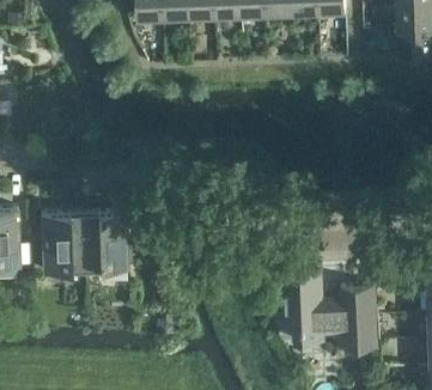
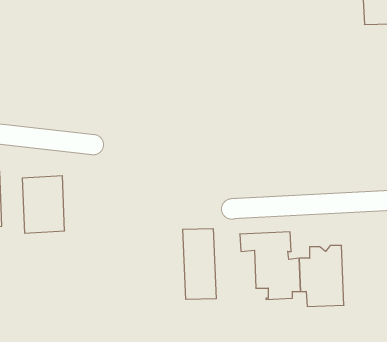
building: [81,213,126,272] -> none
building: none -> [183,229,216,299]

